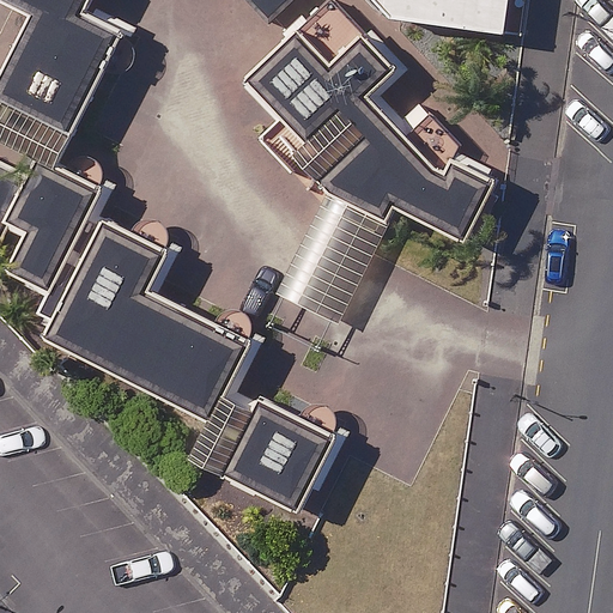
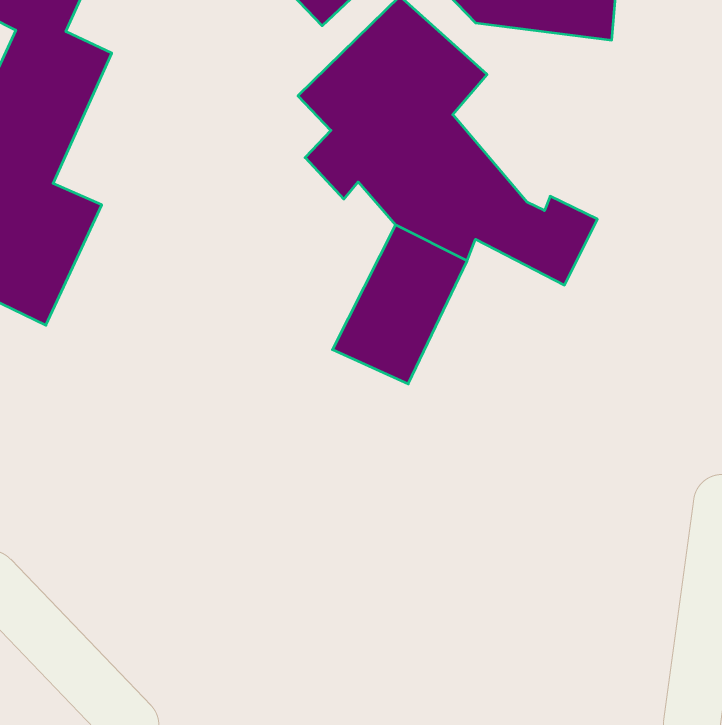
building: [68,224,328,500] -> none

